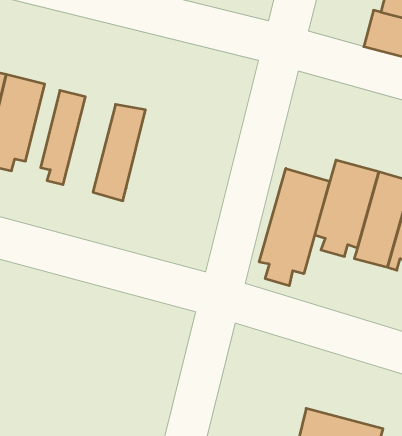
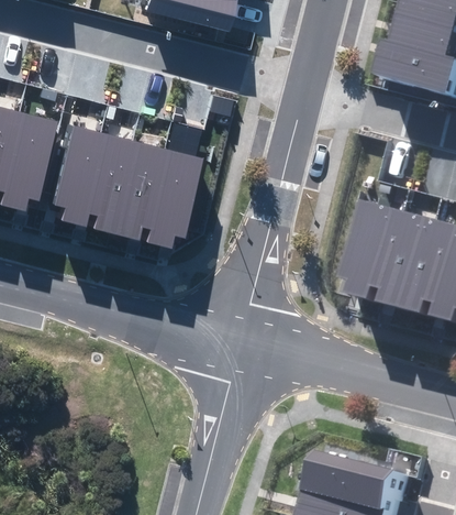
building: none -> [77,134,131,232]
building: none -> [142,147,204,246]
building: [259,168,330,286] -> none

